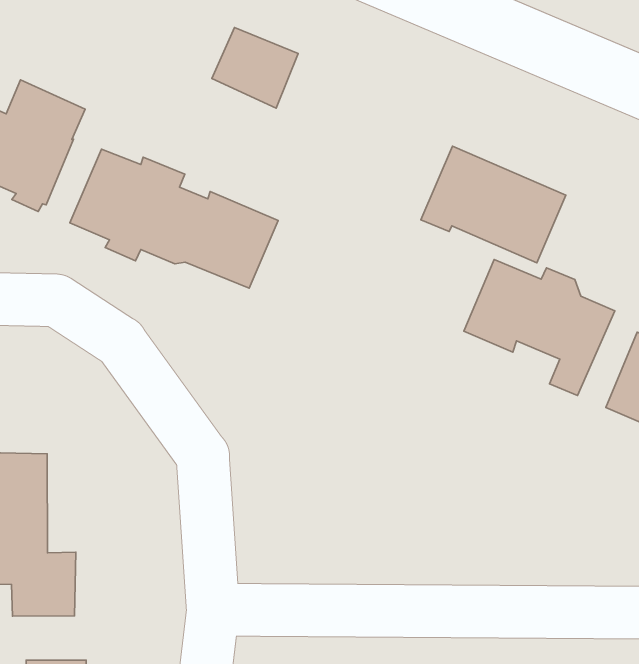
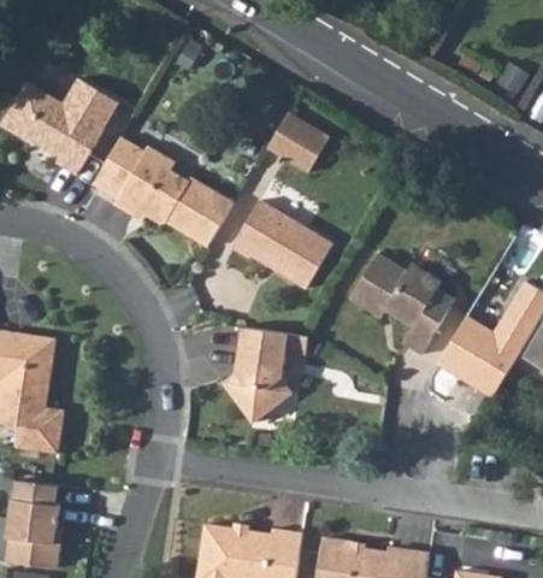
building: [212,28,298,108] -> [267,116,329,175]
building: [421,146,566,263] -> [232,201,334,289]
building: none -> [223,326,309,421]

